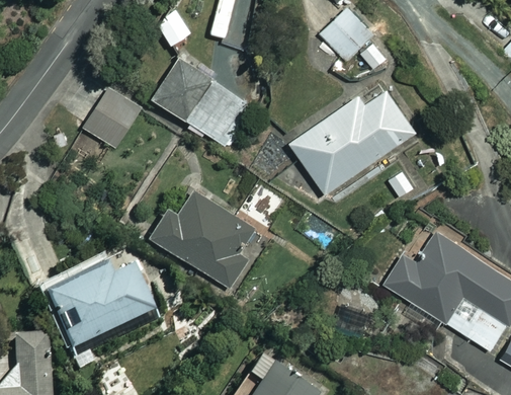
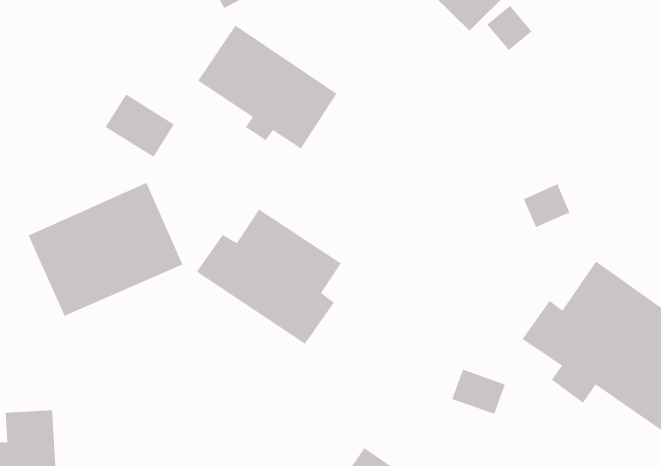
building: [289,88,416,195] -> none
building: [41,251,154,348] -> [28,182,183,317]

